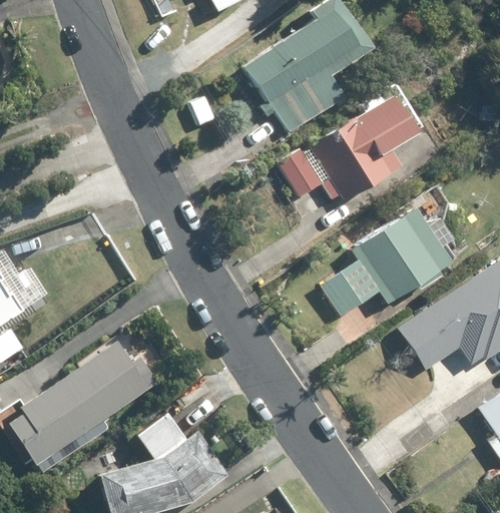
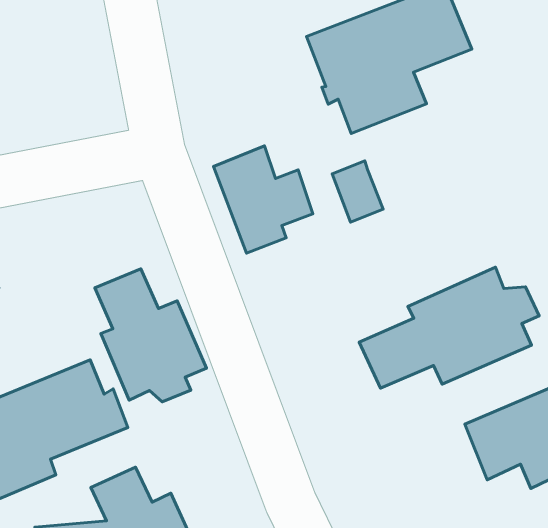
building: [312,86,421,202] -> none
building: none -> [213,146,313,253]
building: none -> [95,269,206,402]

